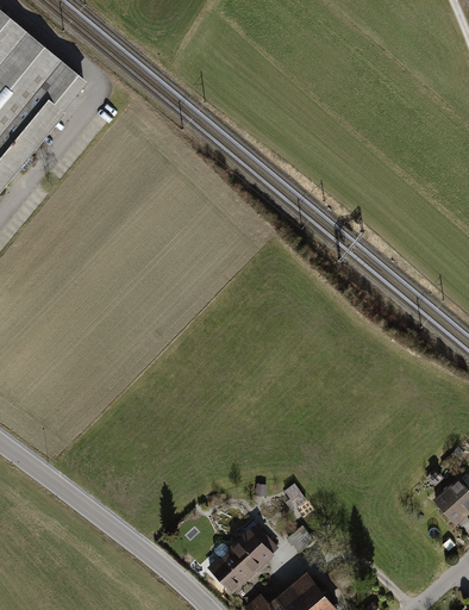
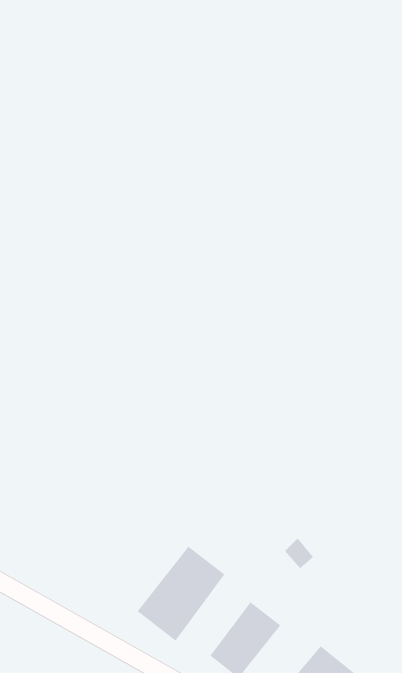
building: none -> [137,546,225,641]

